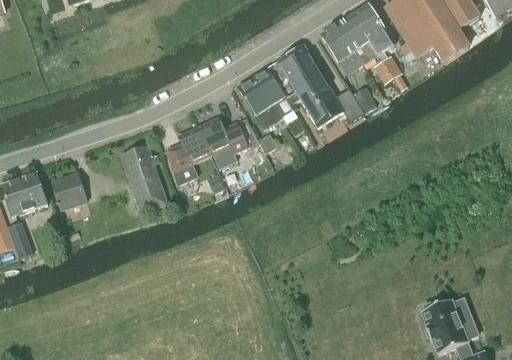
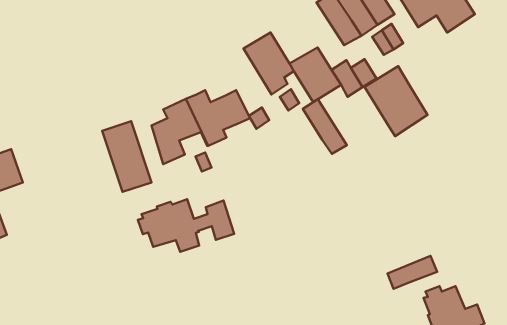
building: [278,47,322,92] -> none
building: [238,78,279,129] -> [303,99,347,154]
building: none -> [365,66,428,136]
building: [51,173,87,210] -> none
building: none -> [138,199,234,252]
building: none -> [388,256,437,289]

